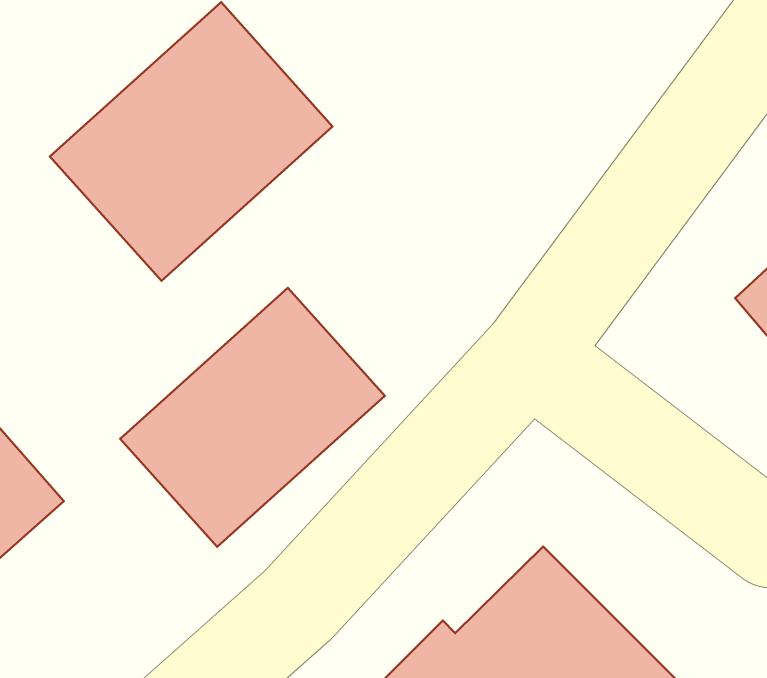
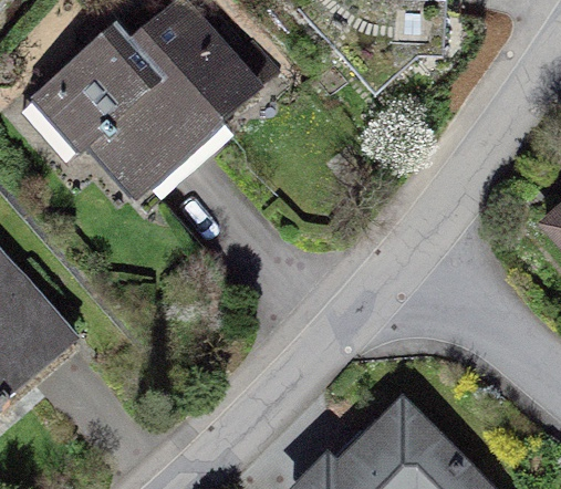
building: [120,288,385,547] -> none

